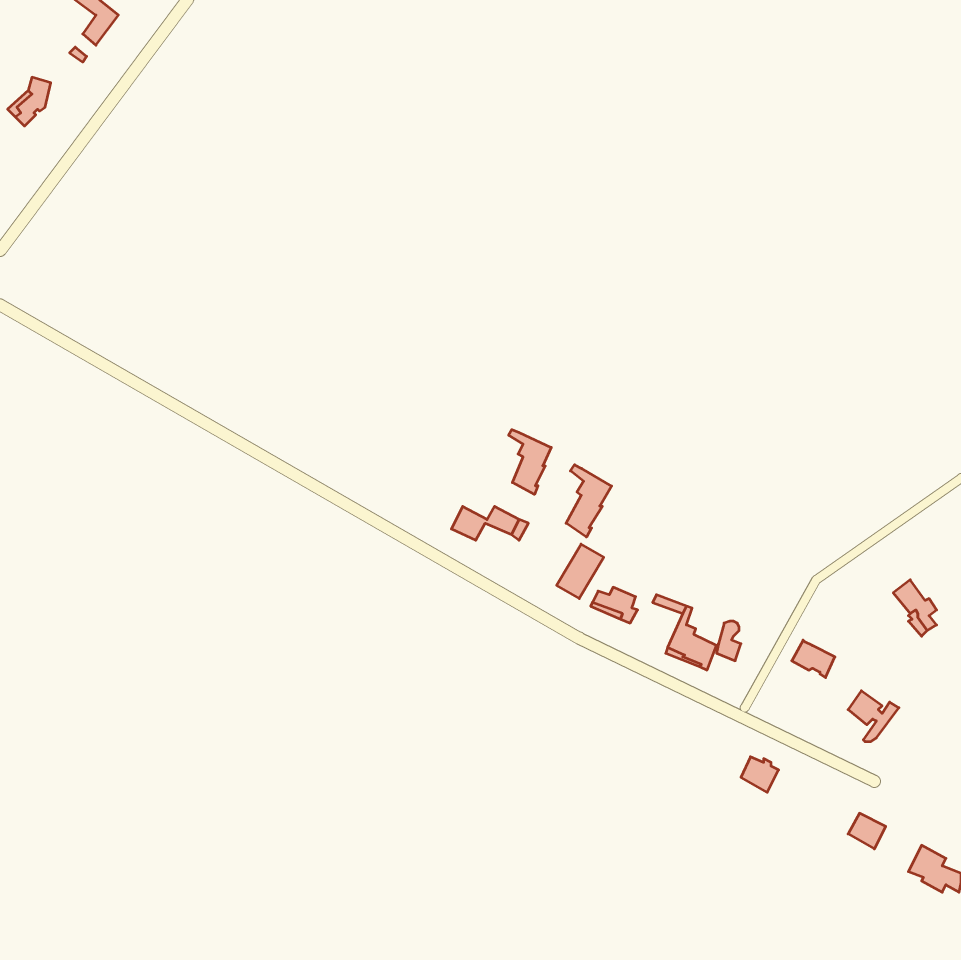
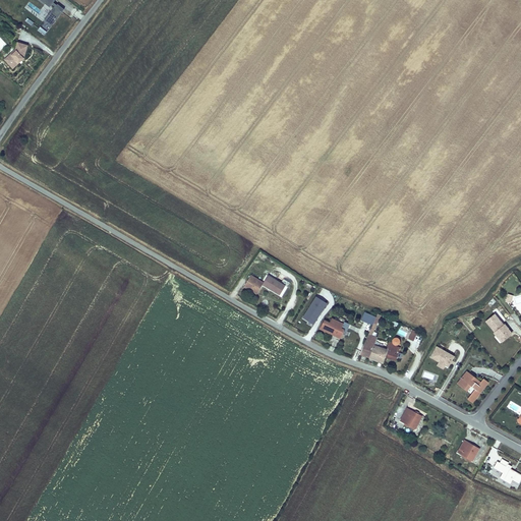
building: [509,430,551,494] -> none
building: [566,465,612,537] -> none

